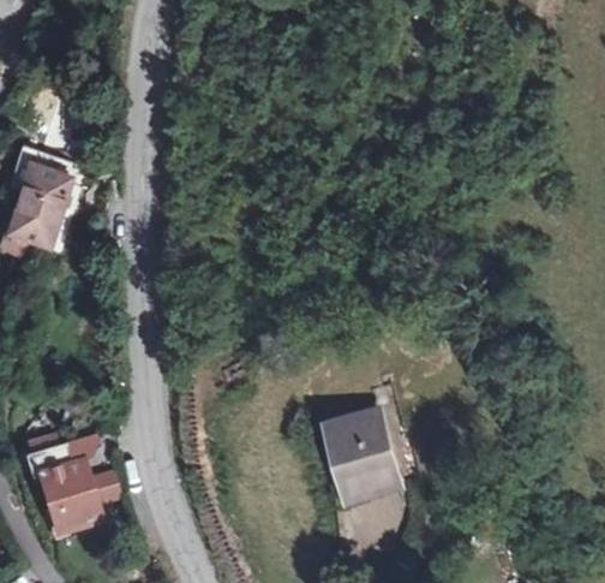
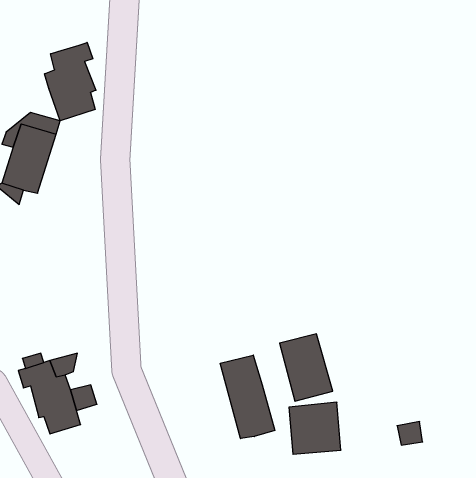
building: none -> [45,42,96,121]
building: none -> [220,355,275,439]

